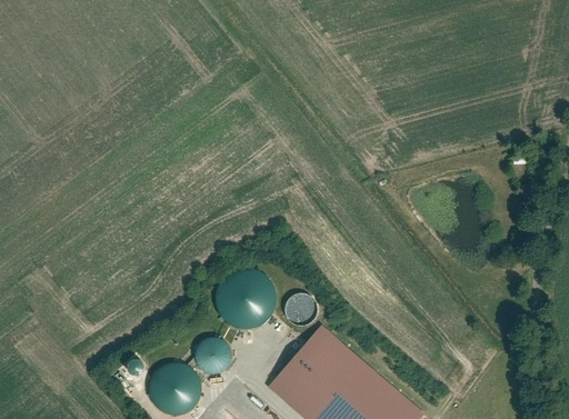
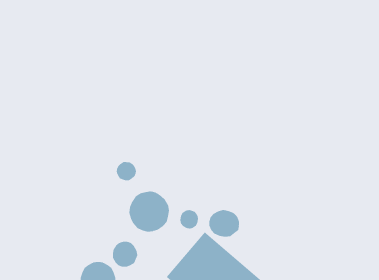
building: none -> [116,161,136,181]
building: none -> [209,209,239,238]

